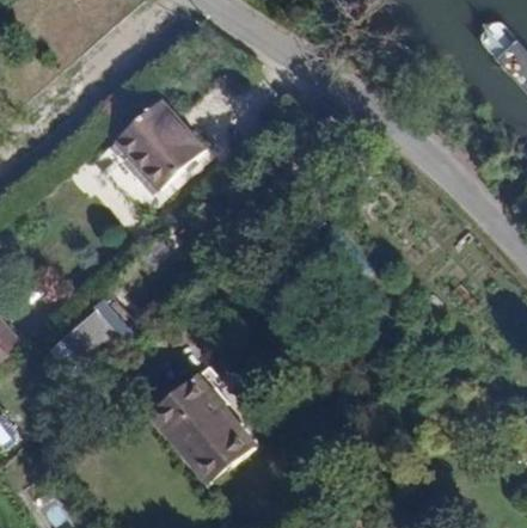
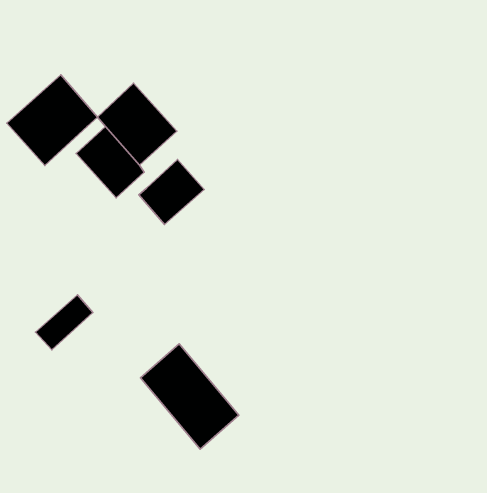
building: none -> [7,75,97,166]
building: none -> [139,160,204,225]

